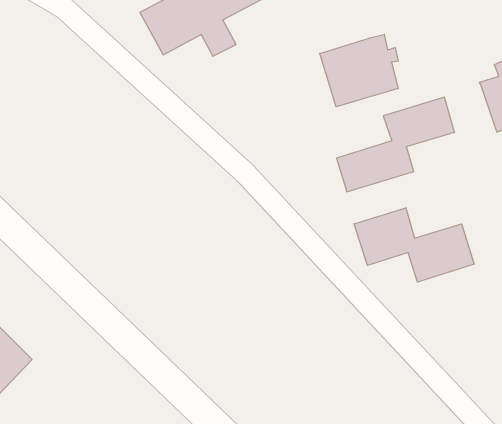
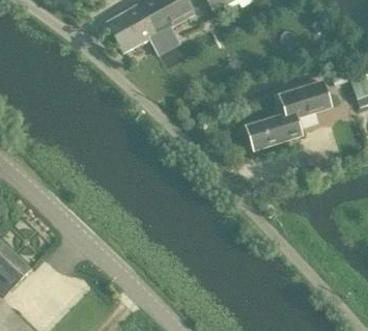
building: [320,34,398,107] -> none
building: [354,208,474,282] -> none

